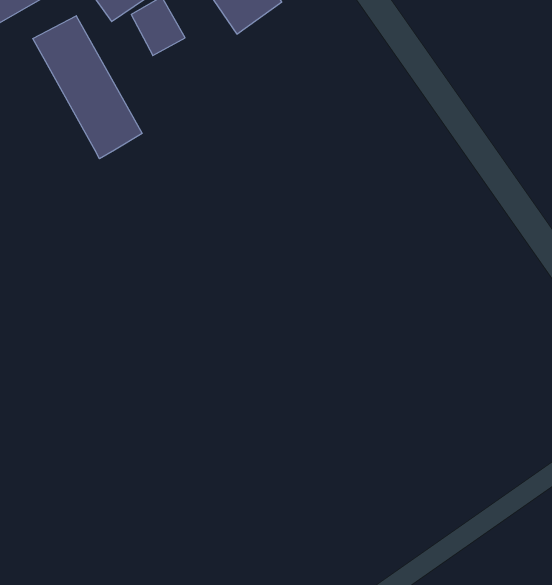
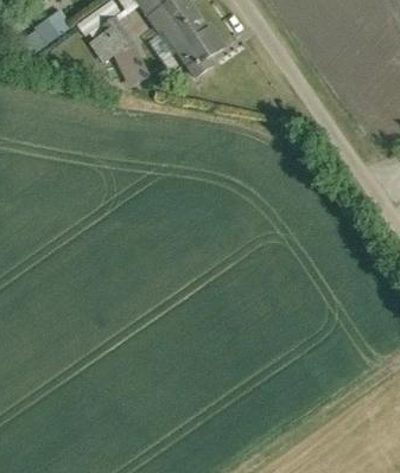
building: [33,16,142,159] -> none

